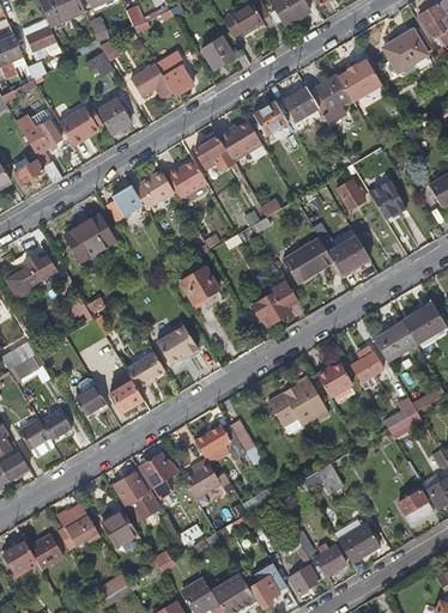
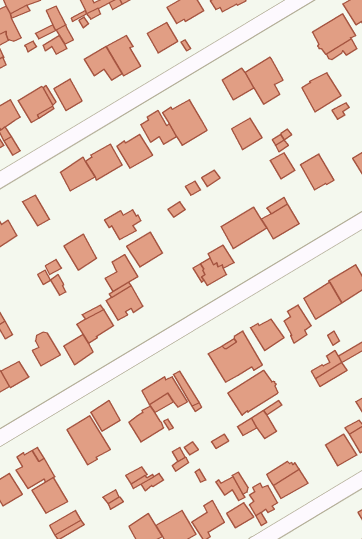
building: [338,59,381,102] -> [302,73,341,112]
building: [254,102,287,136] -> [232,118,262,150]
building: [78,213,114,253] -> [64,234,97,270]
building: none -> [105,210,141,240]
building: none -> [105,255,138,291]
building: none -> [228,370,278,415]
building: [98,508,138,547] -> [32,477,68,513]

